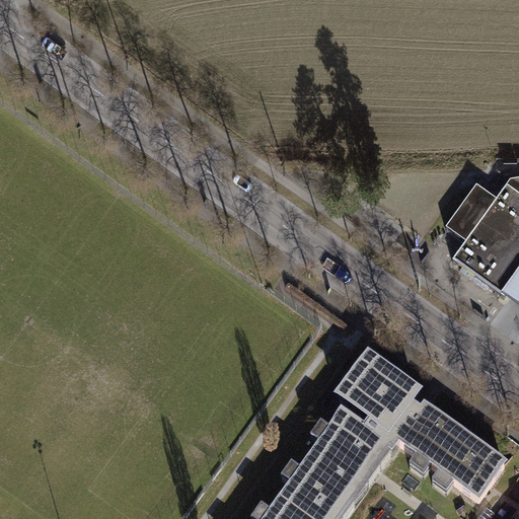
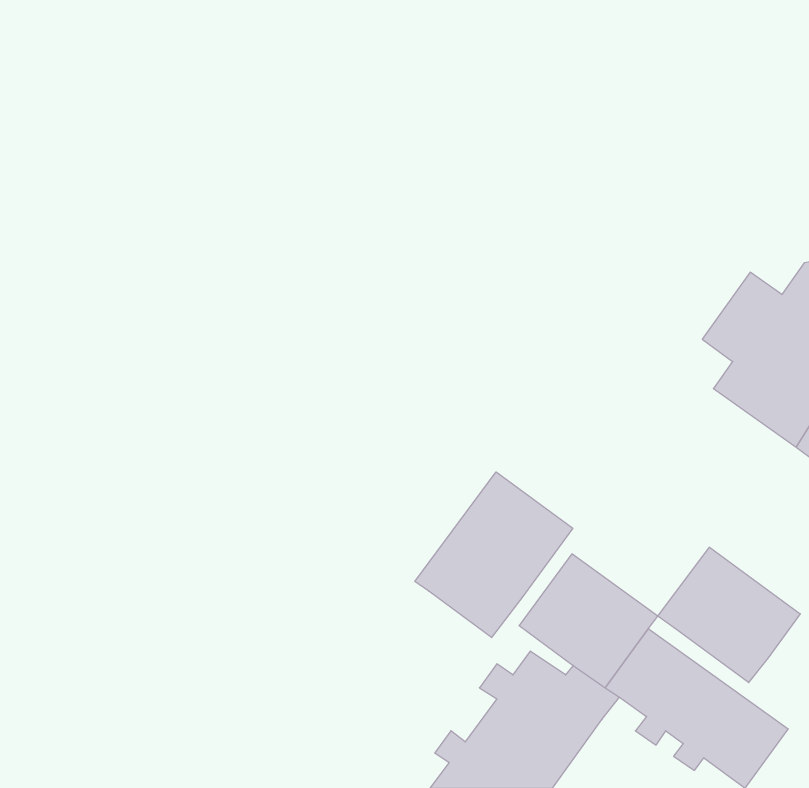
building: none -> [415,472,573,638]
building: none -> [658,547,800,683]

